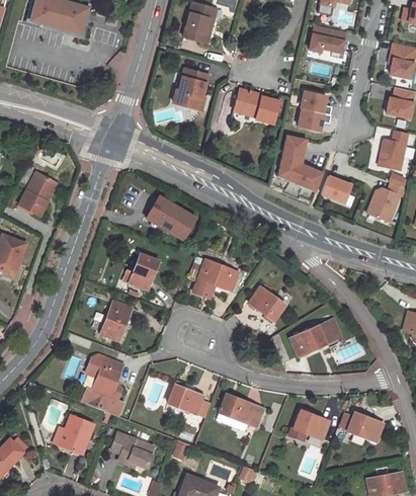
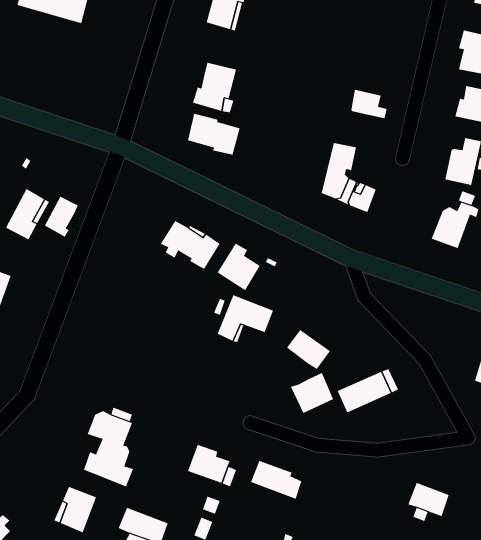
building: [310,25,348,59] -> none
building: [235,89,278,123] -> [187,113,241,155]
building: [299,109,331,132] -> none
building: [321,176,351,203] -> none
building: none -> [44,196,79,237]
building: none -> [217,243,260,291]
building: [123,254,158,290] -> none
building: [101,302,132,341] -> none
building: none -> [290,372,334,414]
building: [294,411,330,439] -> none

